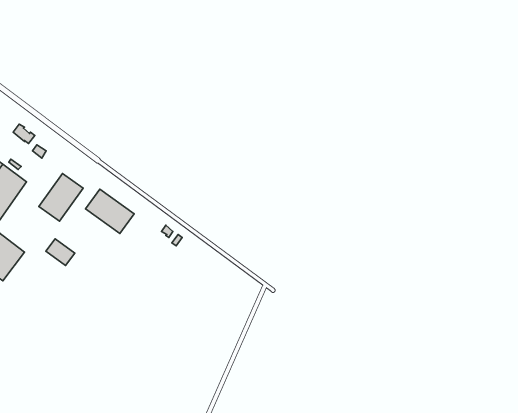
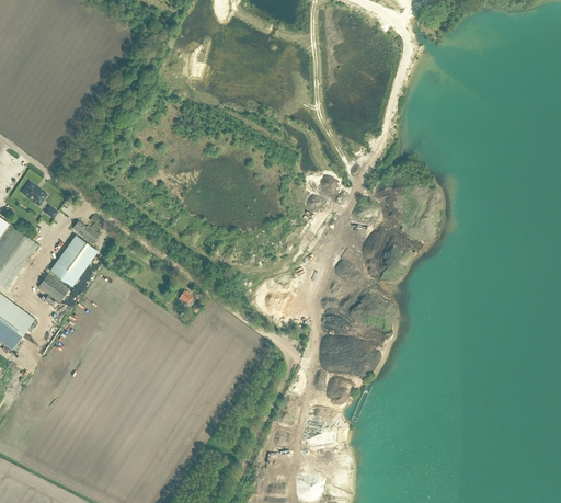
building: [85,189,134,234] -> none
building: [46,239,75,266] -> [37,274,68,302]

